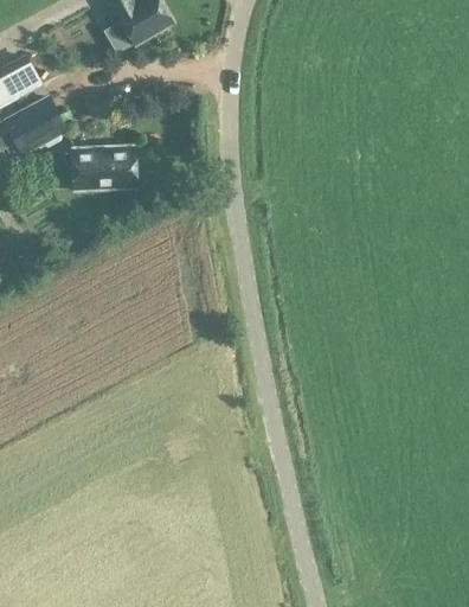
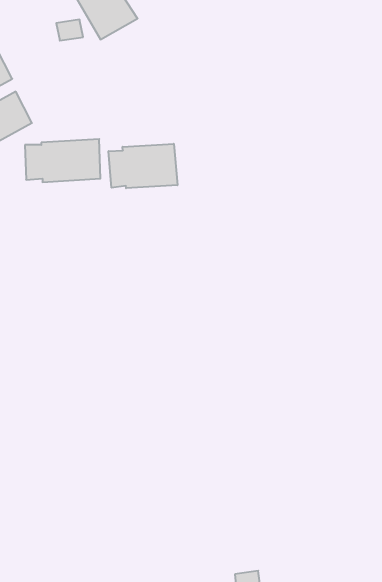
building: none -> [109,144,177,188]

